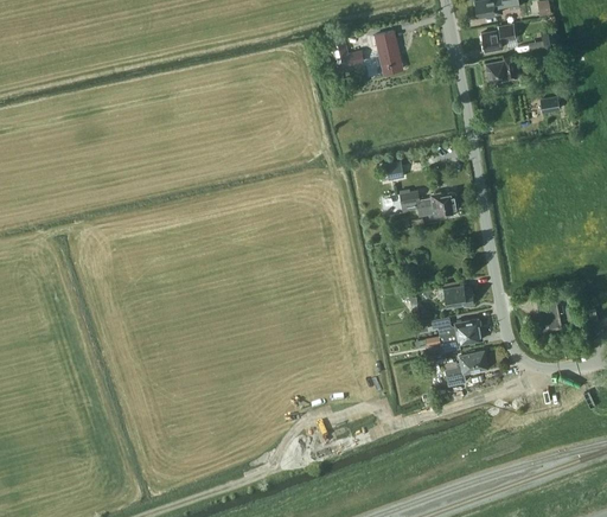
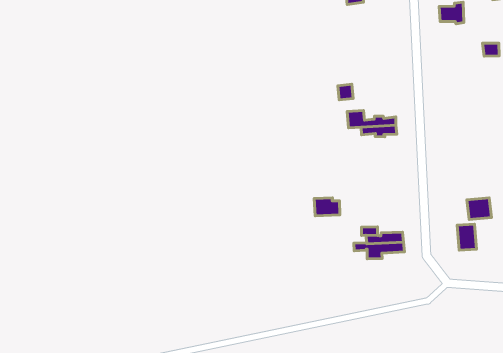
building: none -> [467,198,492,220]
building: [443,285,474,307] -> [314,198,340,216]
building: [445,351,487,385] -> none

